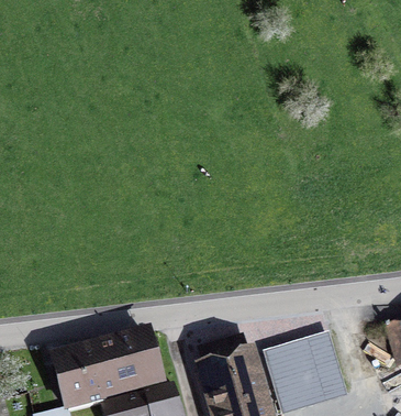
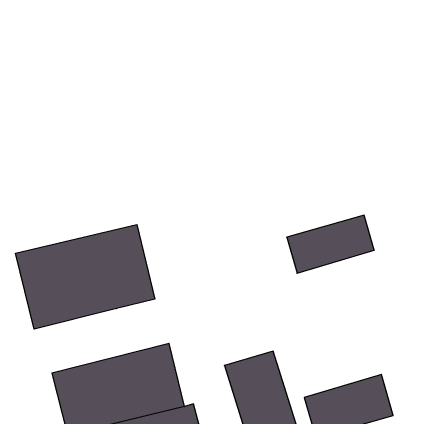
building: none -> [16,225,155,329]
building: [261,330,336,380] -> [287,215,374,273]

